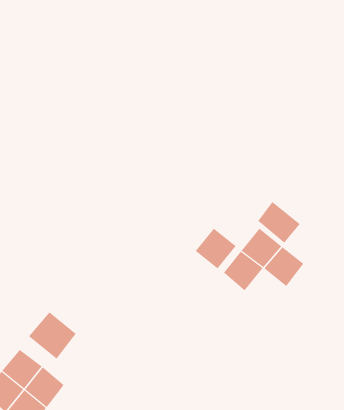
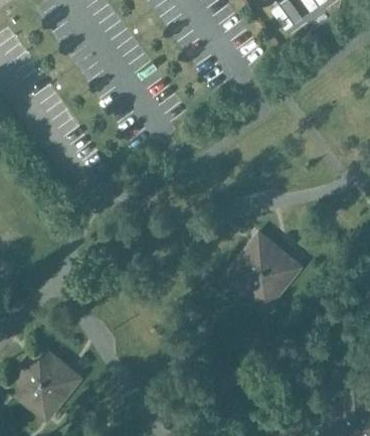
building: [257,201,300,244] -> none
building: [195,228,236,269] -> [247,271,286,309]
building: [28,312,76,359] -> none

